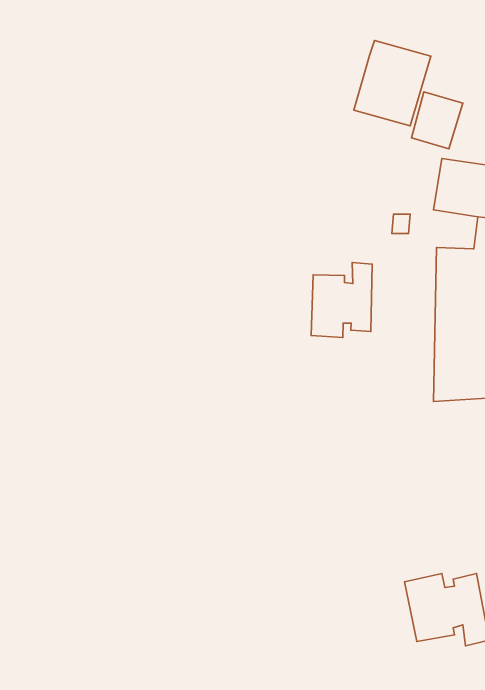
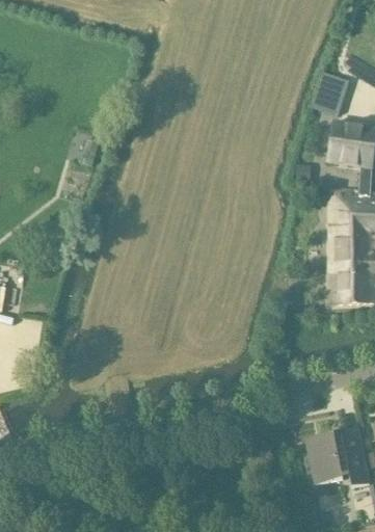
building: [354,41,431,126] -> none
building: [311,263,372,337] -> none

